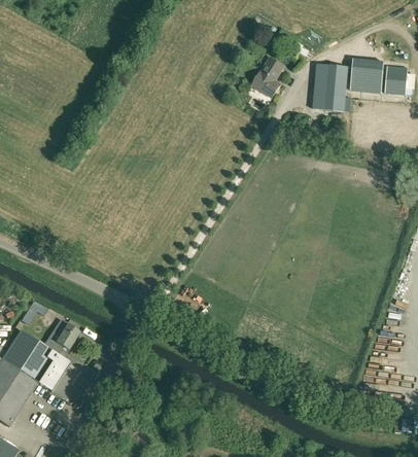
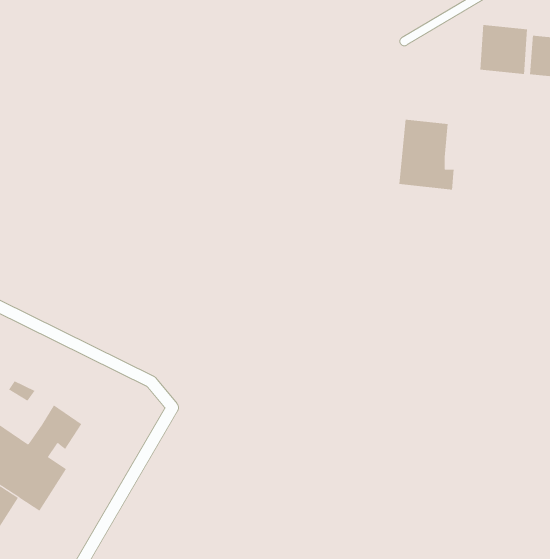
building: [250,57,283,97] -> none
building: [312,63,350,111] -> [399,119,454,190]

